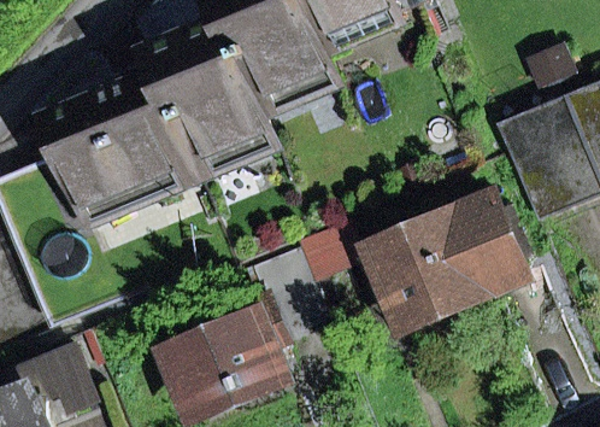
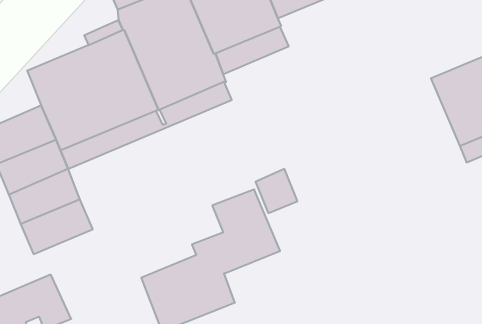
building: [378,203,529,324] -> none

